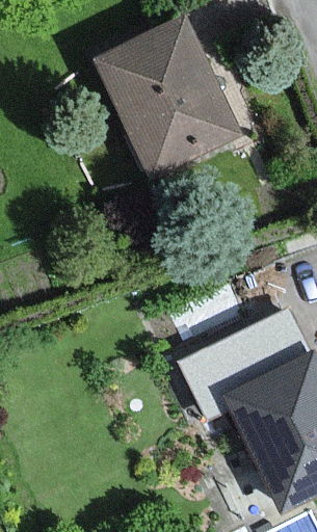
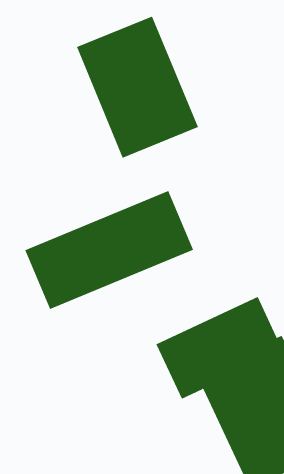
building: none -> [24,190,194,310]

